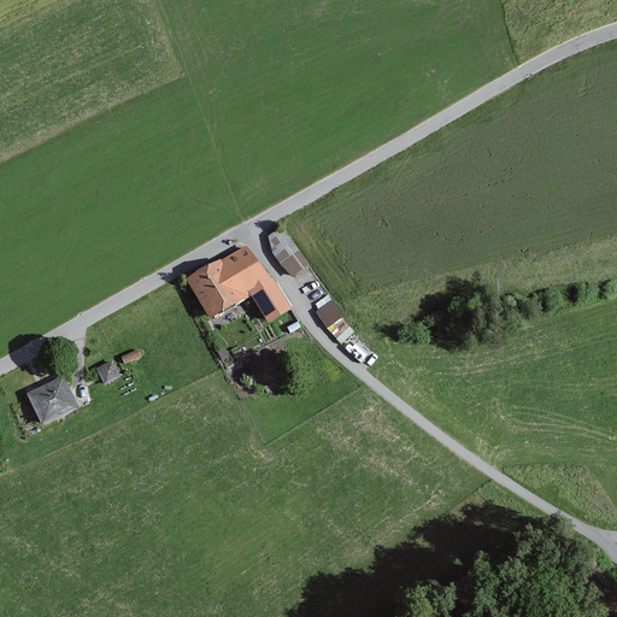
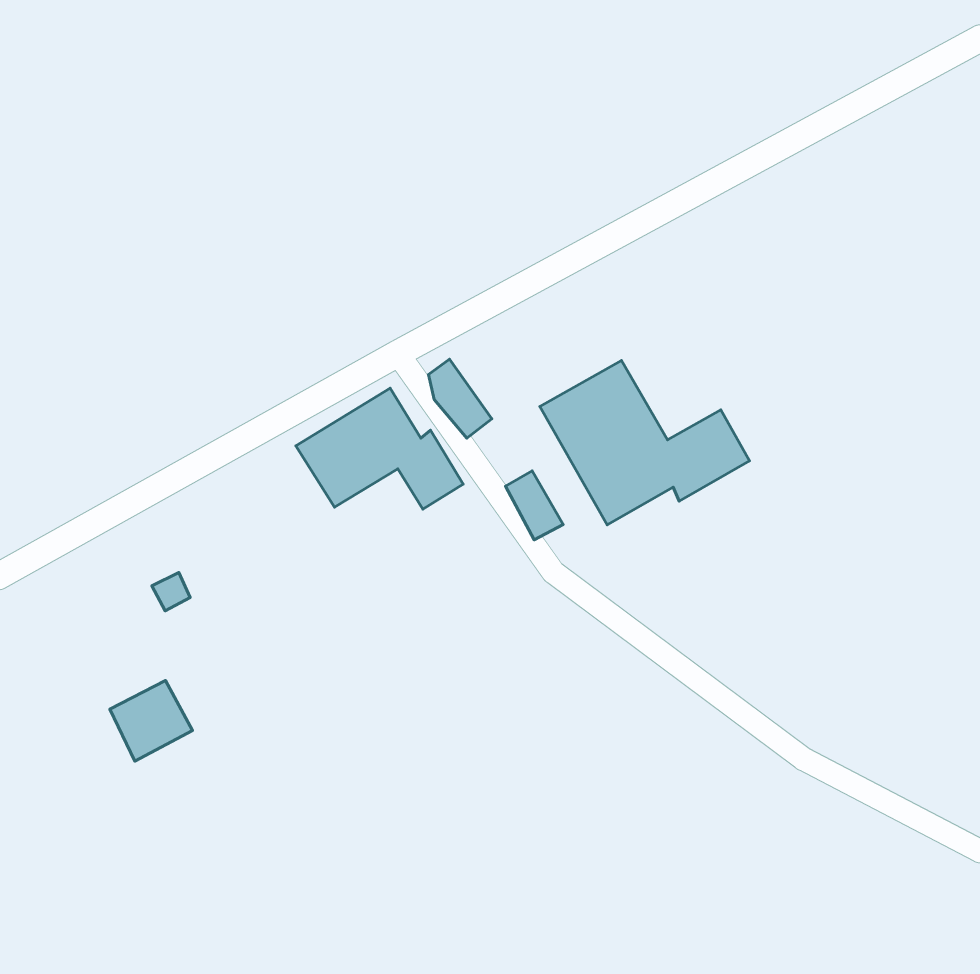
building: none -> [540,361,750,525]
building: [27,375,78,425] -> [110,680,192,761]

